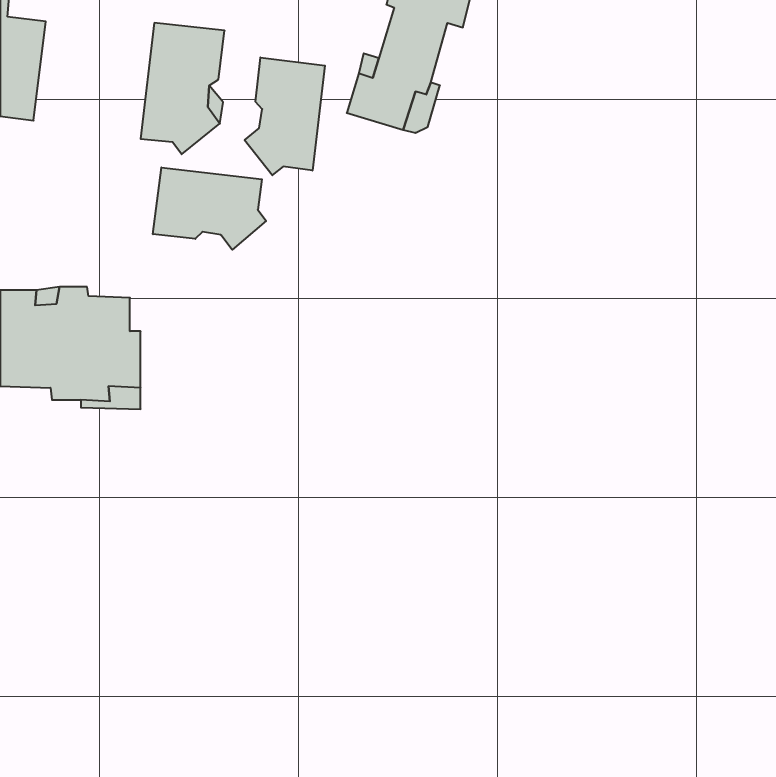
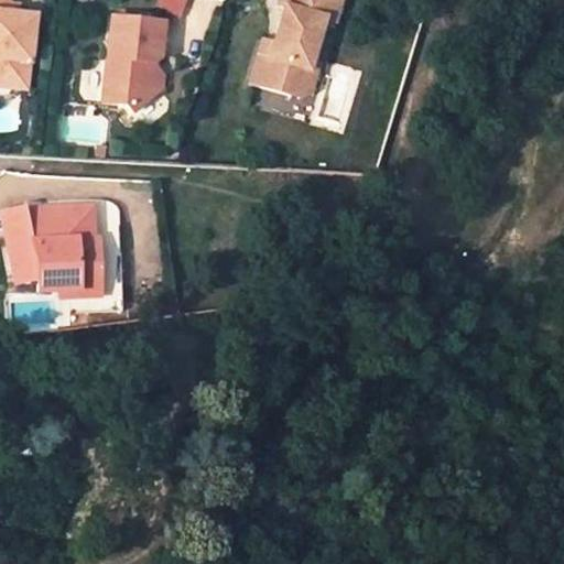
building: [245,57,325,175] -> none
building: [153,167,266,250] -> none

